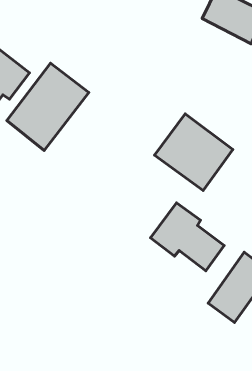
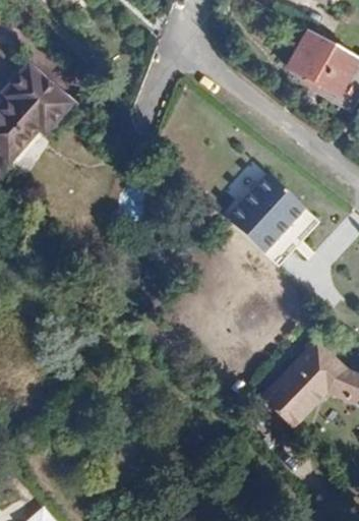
building: [7,63,89,150] -> none
building: [150,203,224,271] -> none

